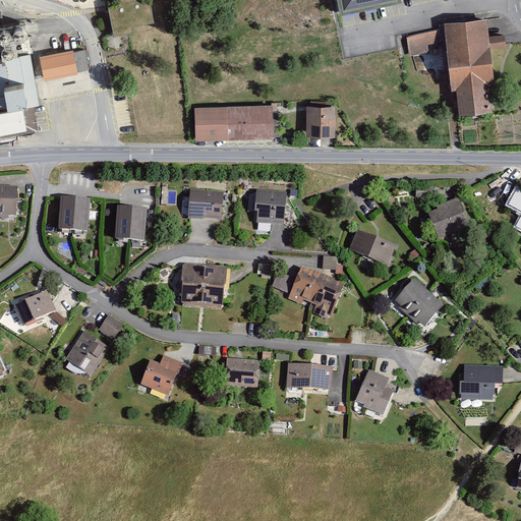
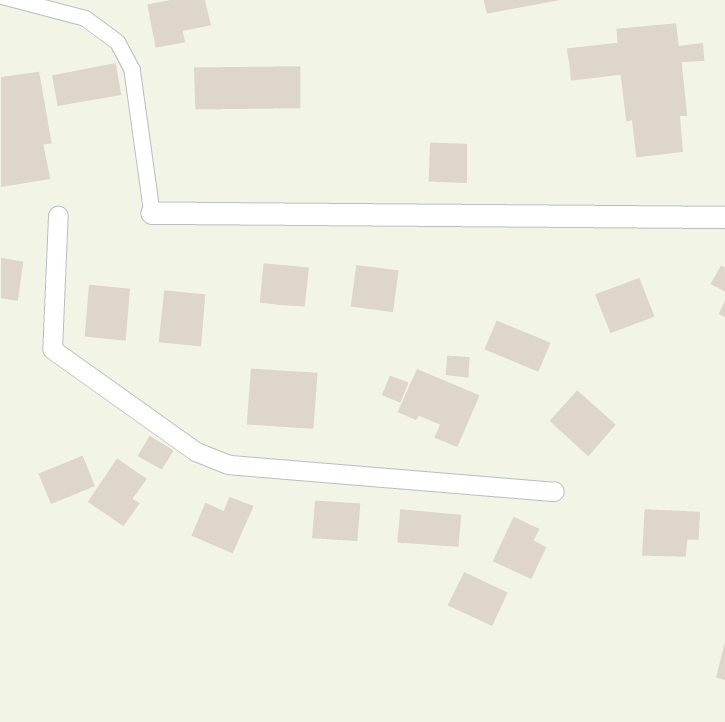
building: [196,103,274,134] -> [193,66,301,110]
building: [12,289,54,325] -> [38,455,96,505]
building: none -> [447,571,509,627]

